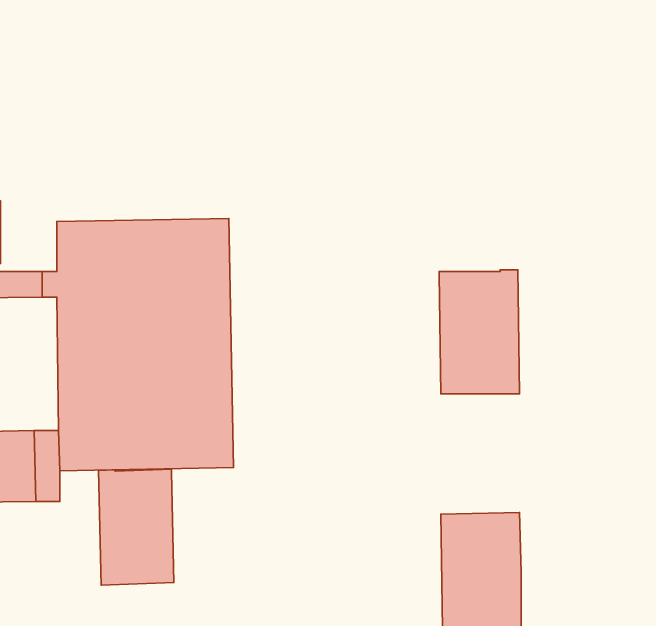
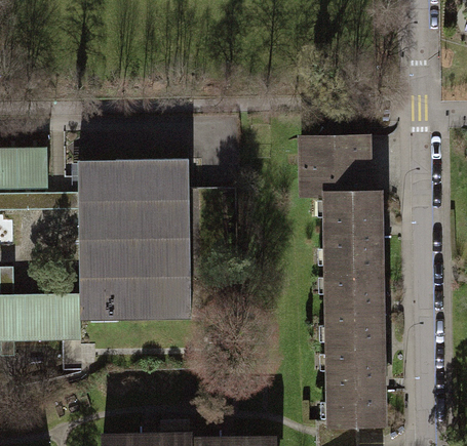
building: none -> [300,136,364,196]
building: none -> [326,271,377,348]
building: [99,469,174,585] -> none

